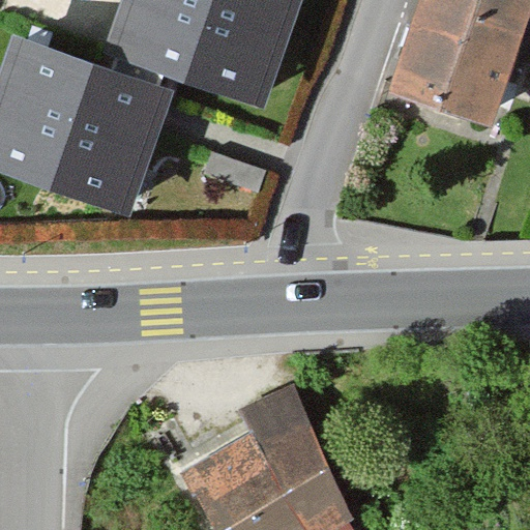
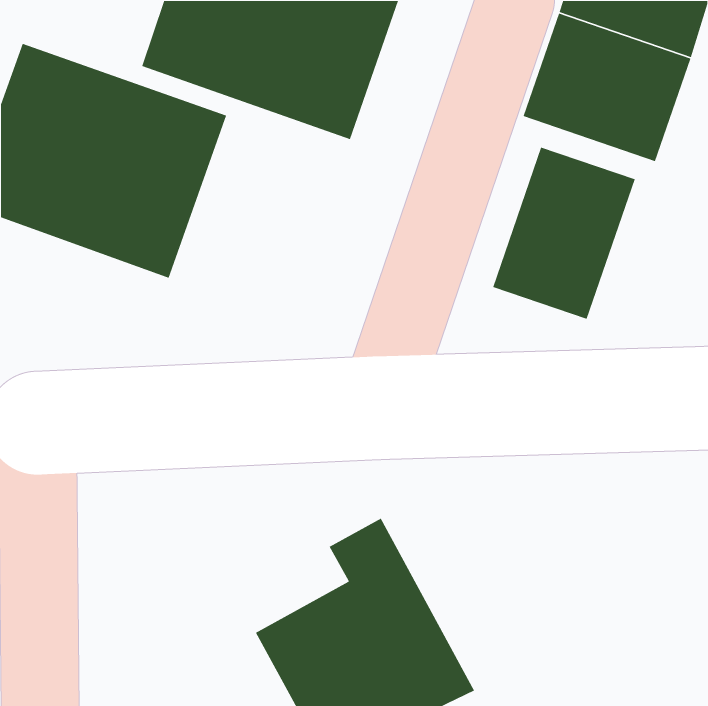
building: none -> [492,146,636,320]

